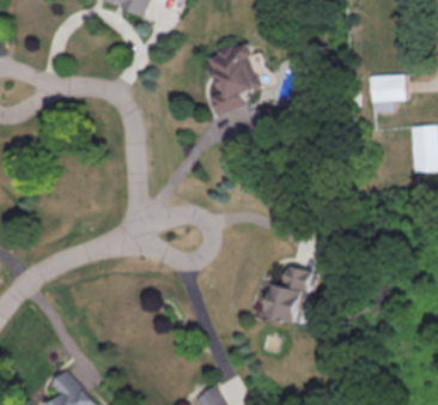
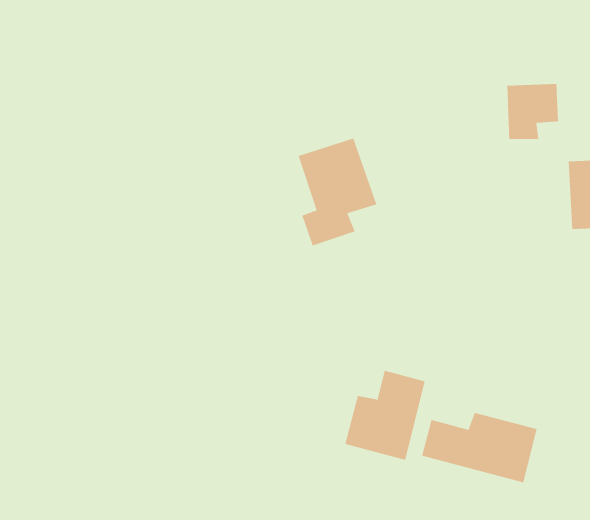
building: [207,43,260,115] -> [298,138,377,246]
building: none -> [422,412,537,483]

